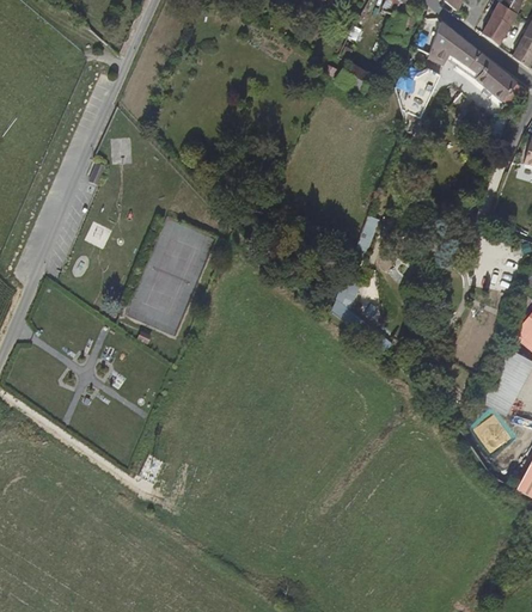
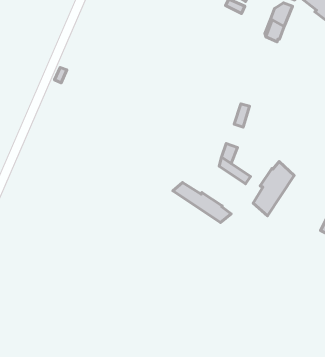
building: none -> [253,161,294,216]
building: none -> [173,182,231,223]

